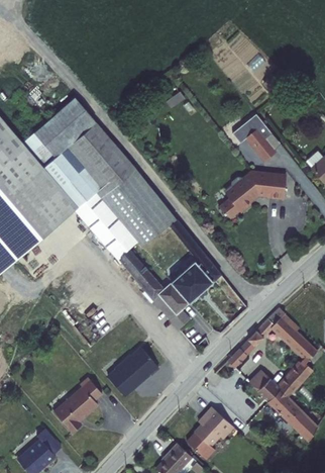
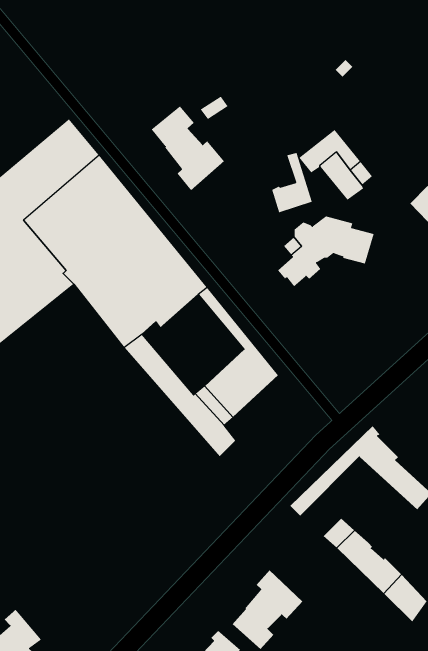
building: none -> [151,105,225,191]
building: none -> [271,152,312,213]
building: [106,349,156,397] -> none
building: [278,361,313,397] -> none
building: [51,378,99,433] -> none

